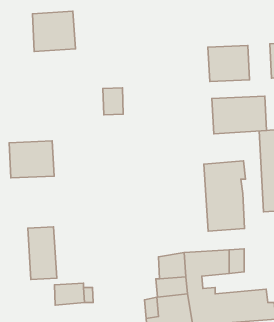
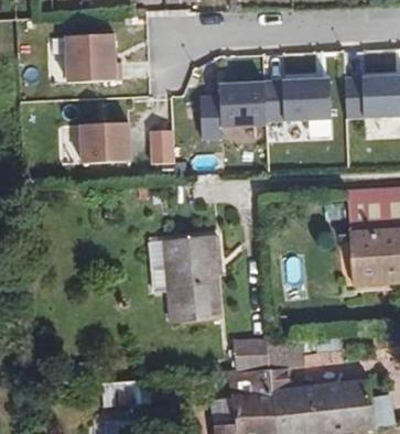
building: [212,96,267,134] -> [216,78,284,126]
building: [9,141,54,178] -> [77,121,133,167]
building: [204,161,245,231] -> [169,235,220,323]
building: [28,227,57,279] -> none

